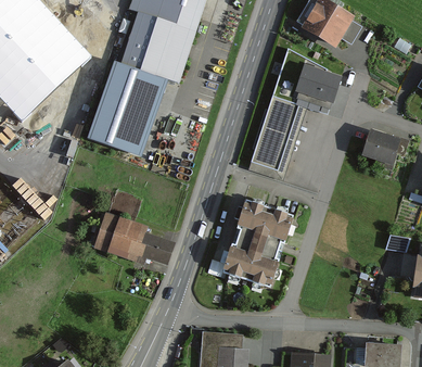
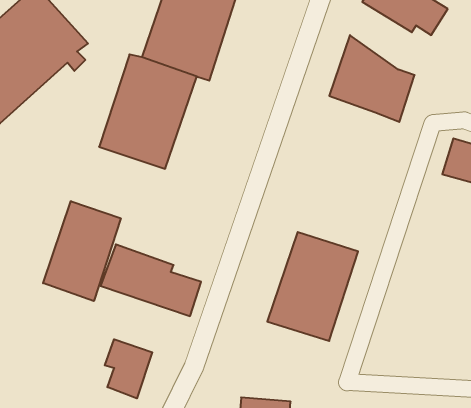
building: [247,94,307,175] -> none
building: none -> [43,201,121,301]
building: none -> [105,339,152,398]

